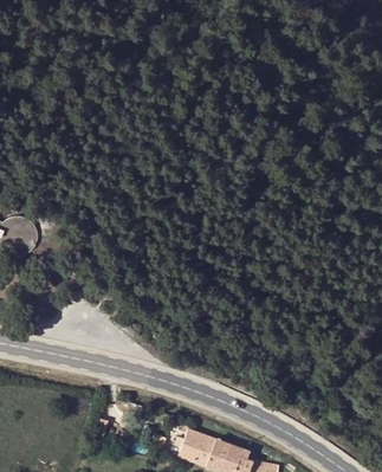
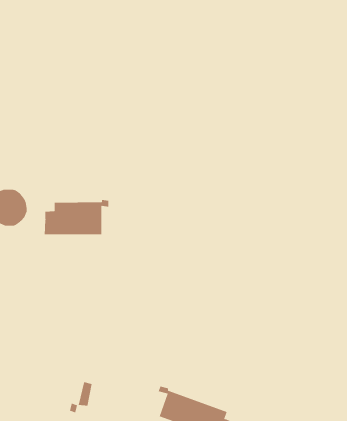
building: none -> [44,199,109,235]

